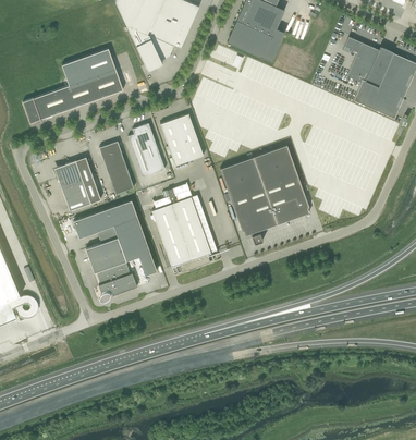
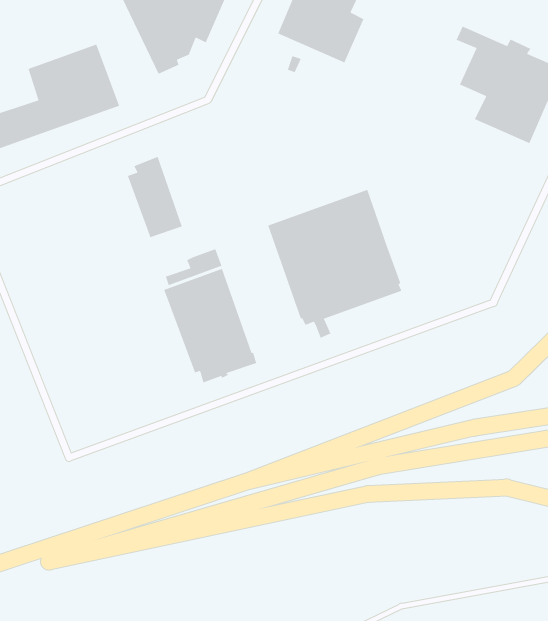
building: [160,114,204,166] -> none
building: [99,142,134,195] -> none
building: [56,157,100,211] -> none
building: [73,200,157,302] -> none

